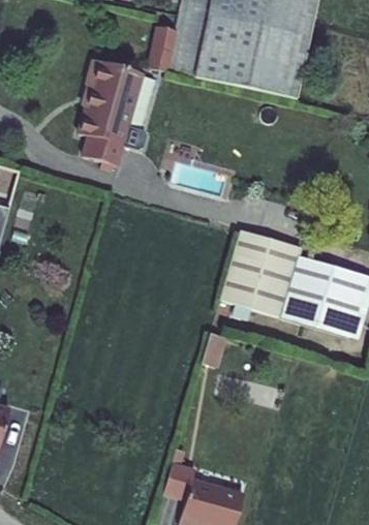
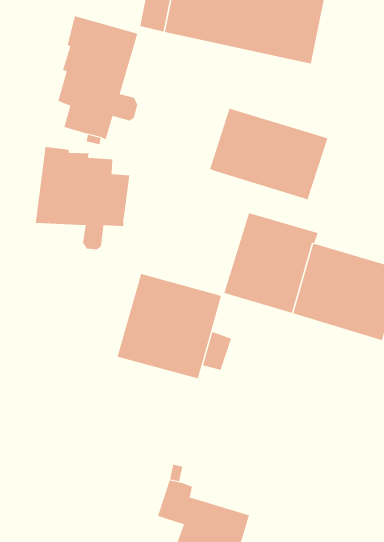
building: none -> [209,108,328,200]
building: none -> [35,146,130,250]
building: none -> [117,273,222,379]

